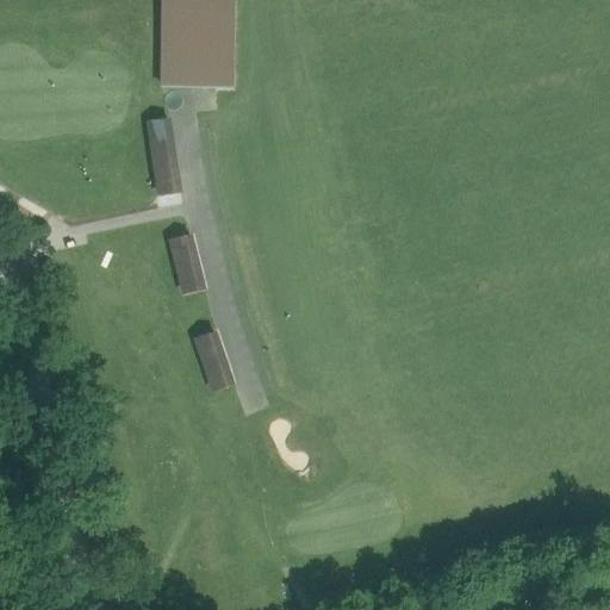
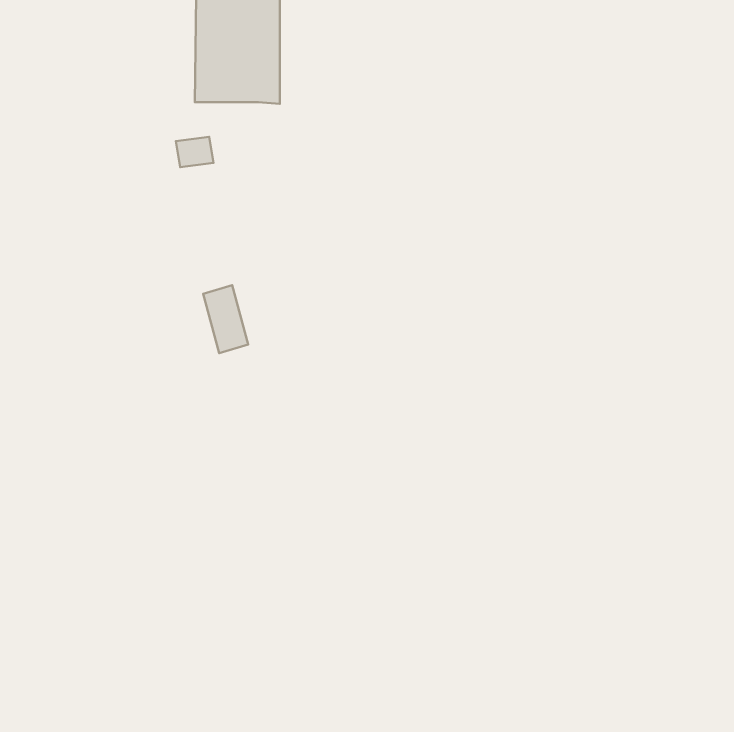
building: [149,135,183,188] -> none
building: [194,330,236,391] -> none

